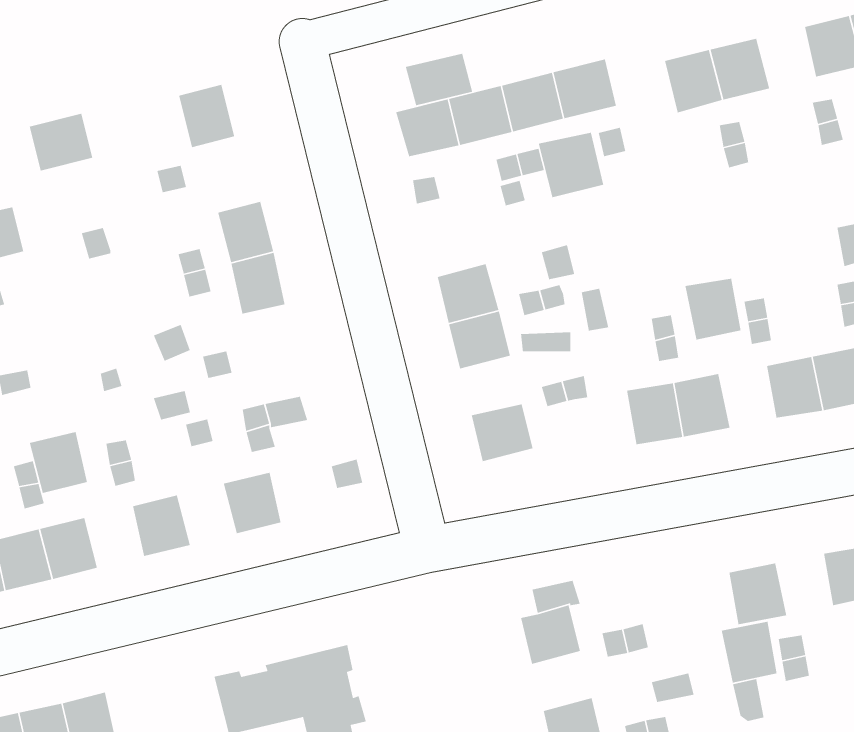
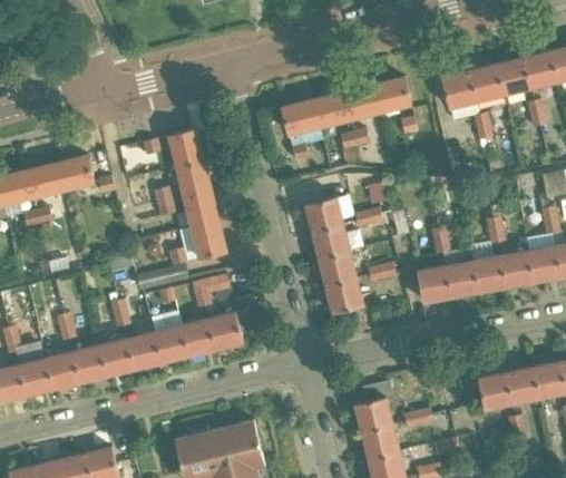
building: none -> [495,57,529,94]
building: [405,53,473,106] -> none
building: [178,84,235,148] -> [169,128,203,166]
building: [29,113,93,172] -> [57,155,95,189]
building: [538,132,604,198] -> none
building: [685,278,741,340] -> [472,256,506,293]
building: none -> [192,221,225,257]
building: none -> [320,251,357,285]
building: [29,431,88,494] -> [99,339,134,375]
building: none -> [208,312,243,349]
building: none -> [154,325,188,362]
building: [721,621,778,683] -> [506,367,539,403]
building: none -> [362,425,398,459]

